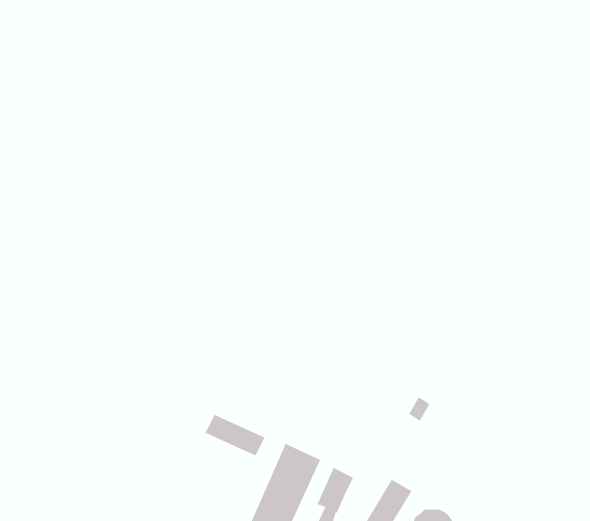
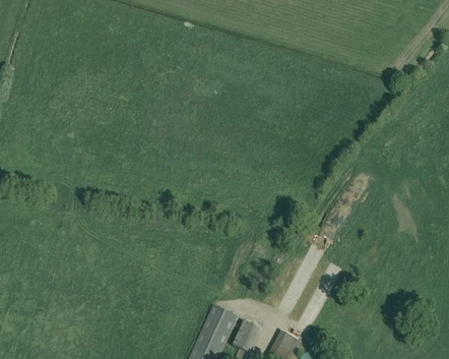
building: [204,414,265,457] -> none

